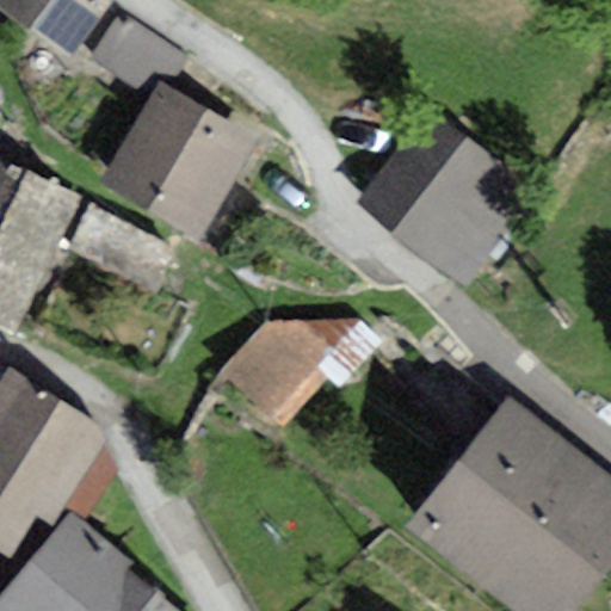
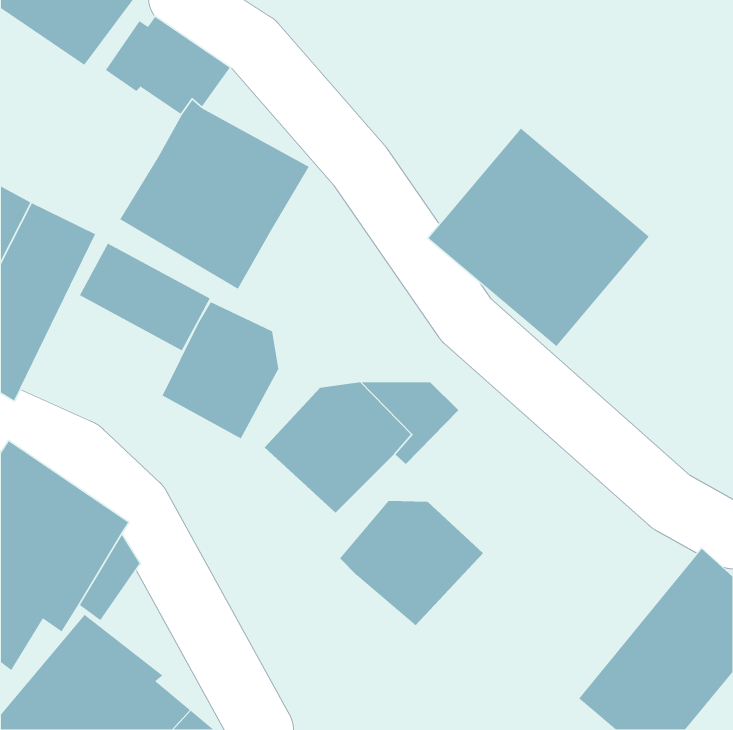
building: none -> [161,301,279,439]
building: [406,396,584,581] -> none
building: none -> [339,500,484,626]

